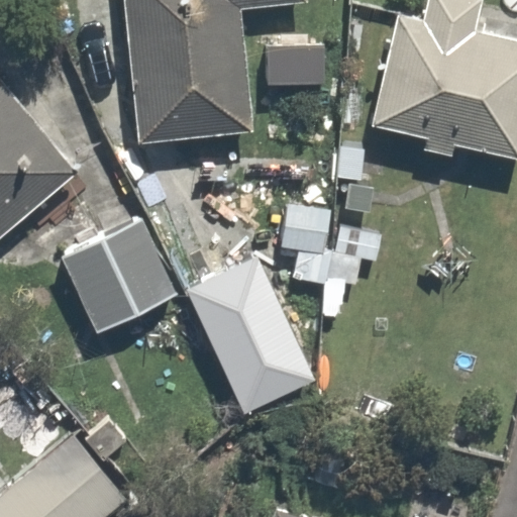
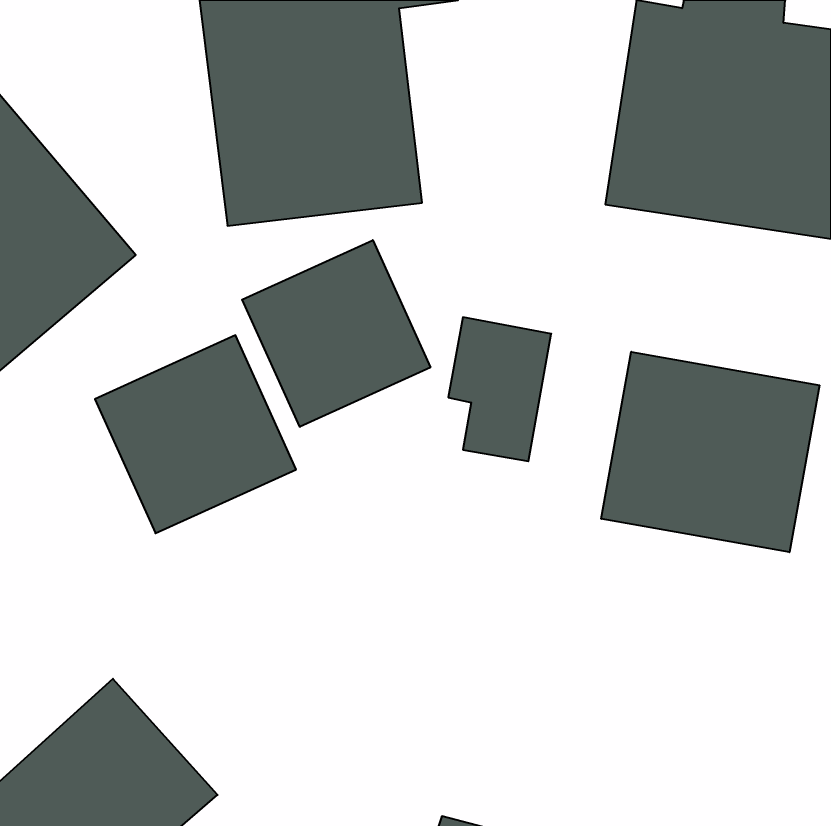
building: none -> [242,240,430,427]
building: none -> [601,352,819,552]
building: [191,273,319,427] -> none

